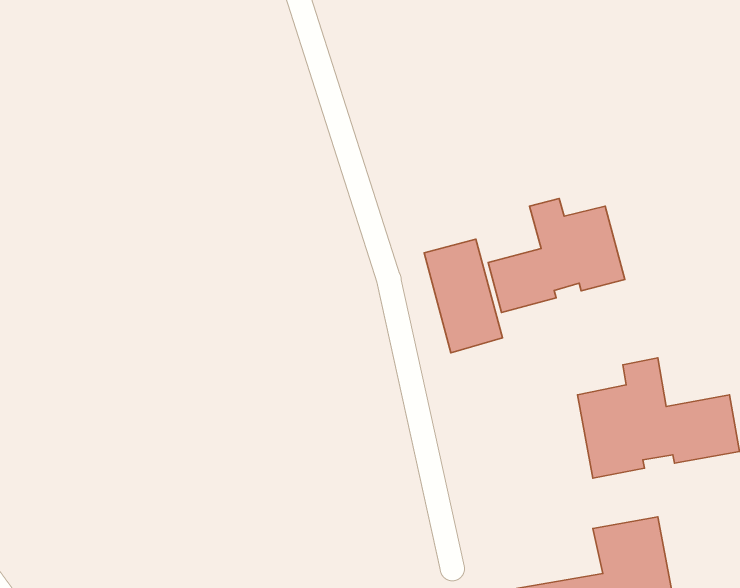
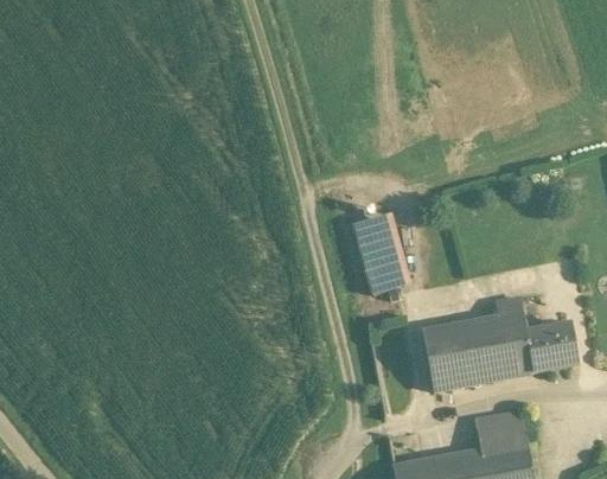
building: [488,199,625,313] -> none
building: none -> [421,324,473,390]

